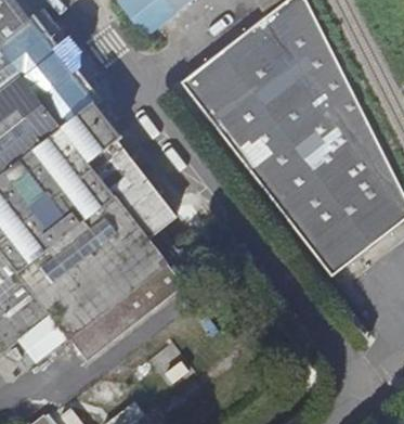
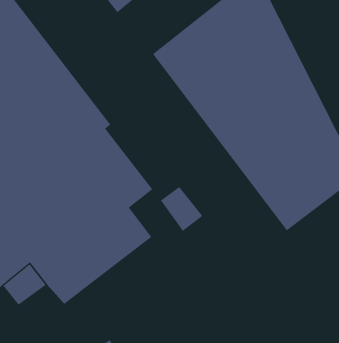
building: none -> [160,186,203,232]

